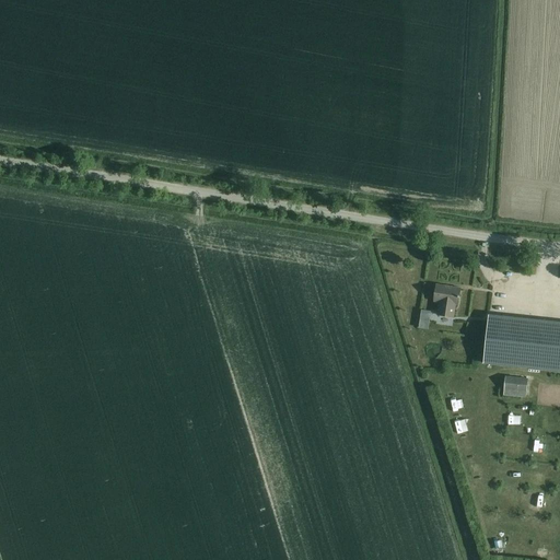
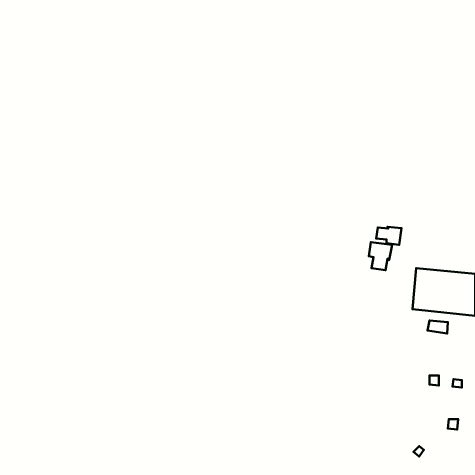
building: none -> [376,227,401,245]

